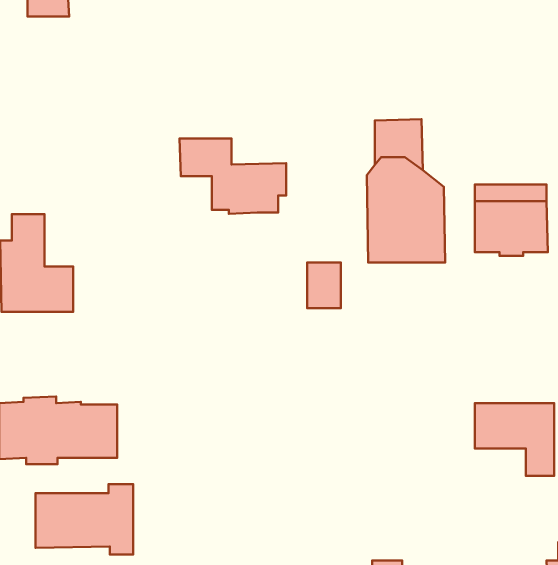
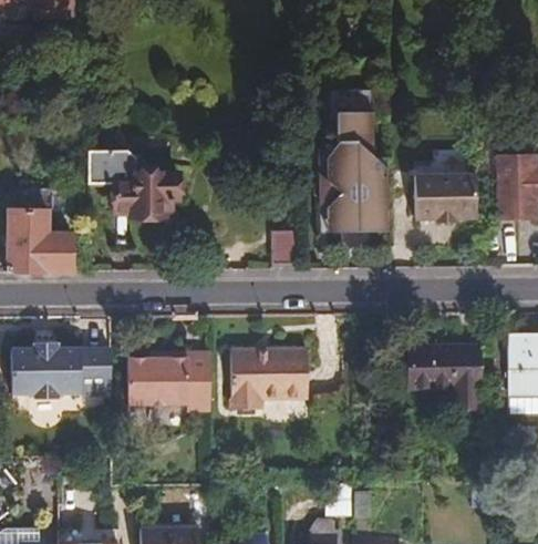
building: [179,138,286,214] -> [89,151,179,215]
building: none -> [231,348,308,411]
building: [36,484,133,554] -> [127,353,210,413]

